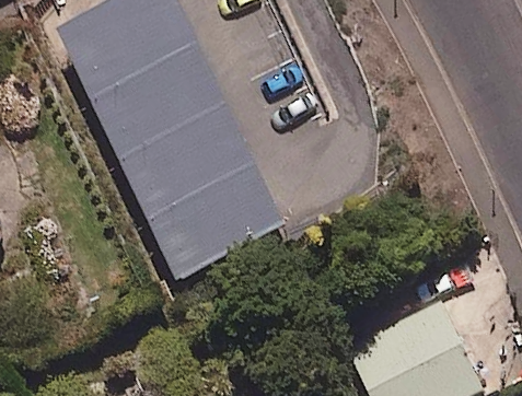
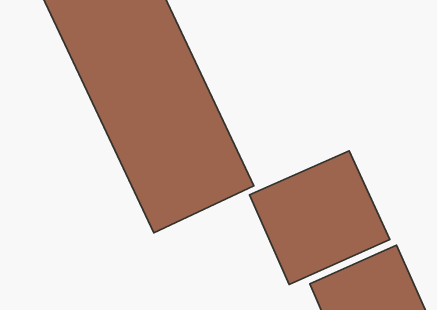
building: none -> [249,151,390,284]

